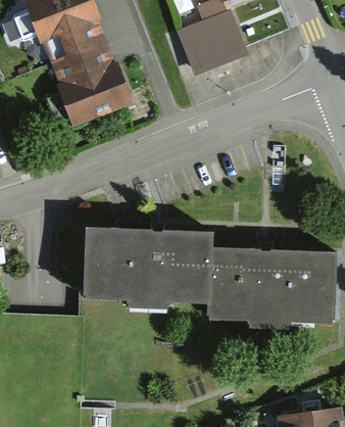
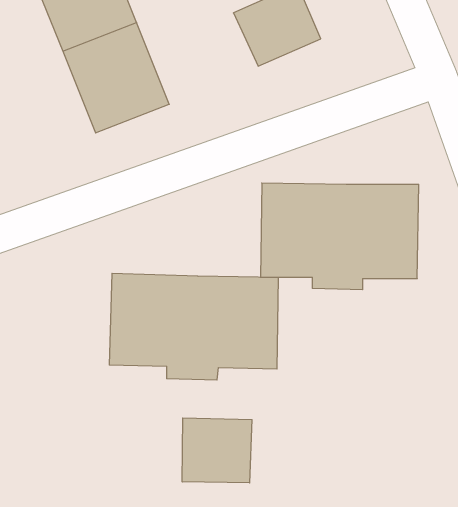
building: [209,249,328,329] -> [260,183,419,290]
building: none -> [182,418,252,483]

